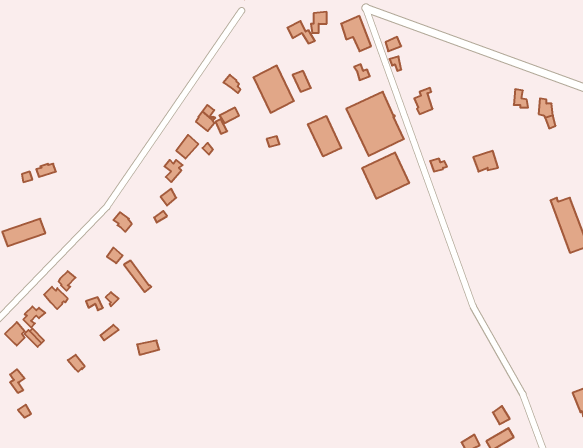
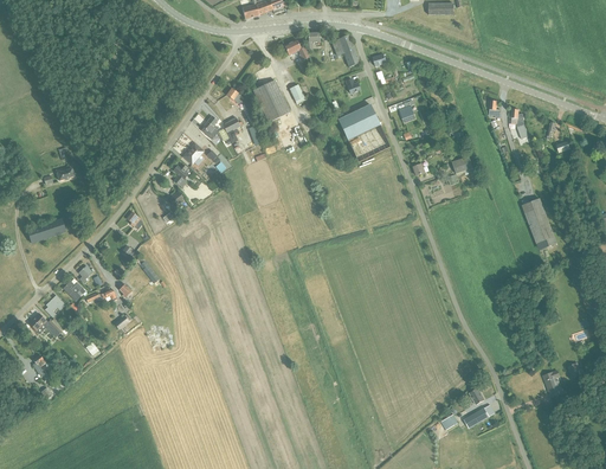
building: [308,116,341,156] -> none
building: [362,152,409,199] -> none

